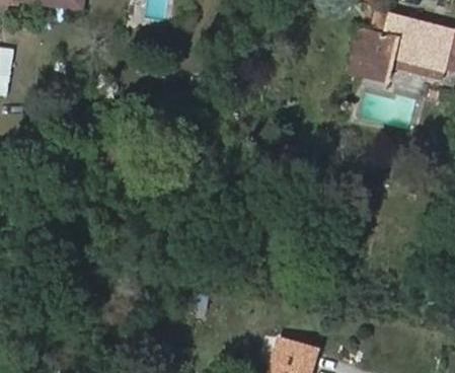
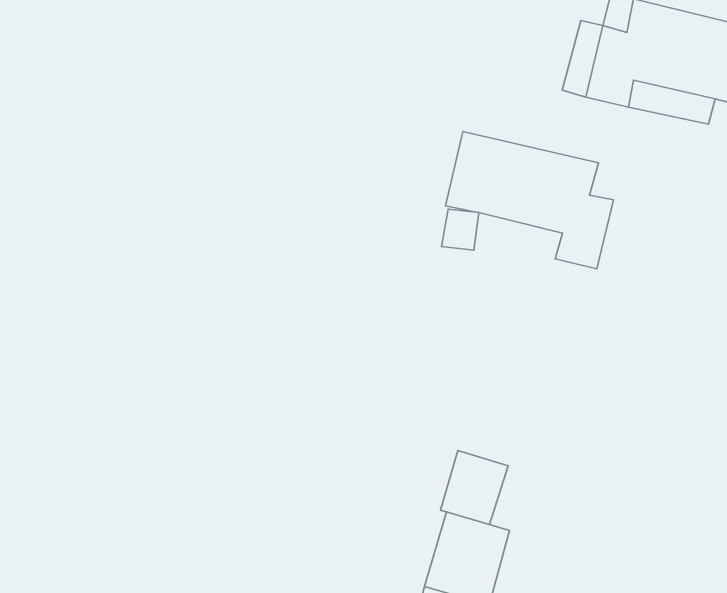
building: none -> [446,132,613,269]
building: none -> [440,451,508,524]

